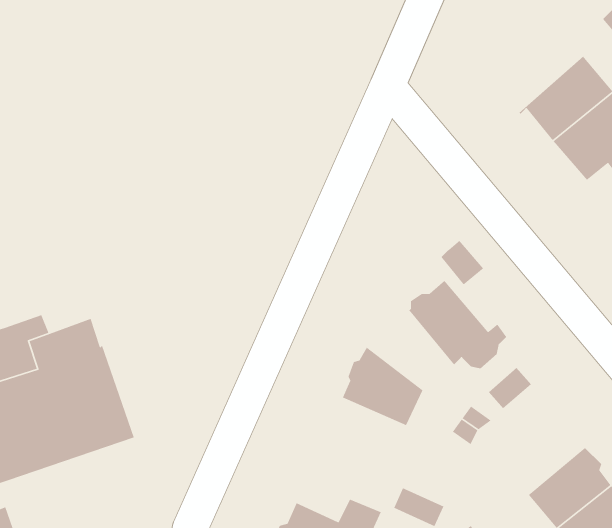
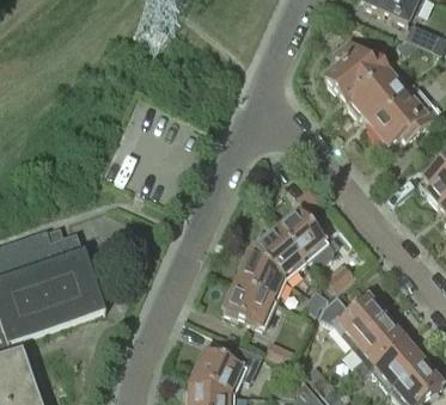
building: none -> [323,39,386,104]
building: none -> [250,228,305,278]
building: none -> [222,283,275,327]
building: none -> [318,295,387,344]

